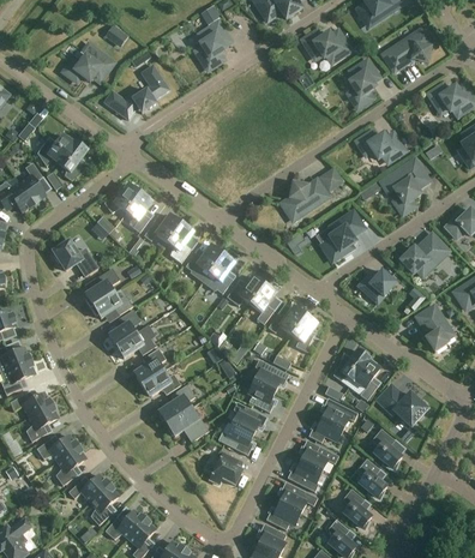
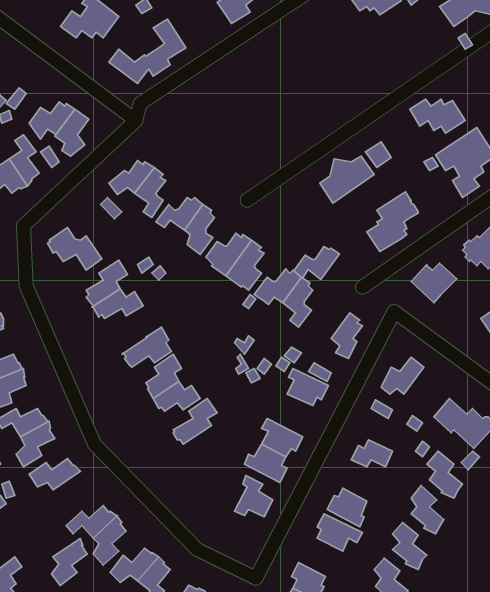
building: [349,60,379,107] -> none
building: [269,306,307,334] -> [294,247,339,279]
building: [109,308,142,347] -> none
building: [353,358,379,400] -> none
building: [248,380,276,412] -> none
building: [321,397,357,428] -> none
building: [167,407,209,440] -> none
building: [301,439,338,470] -> none
building: [56,445,86,485] -> [52,538,87,585]
building: [266,502,301,529] -> none

